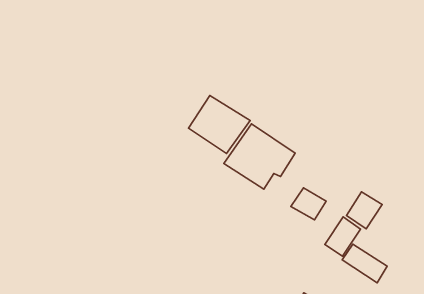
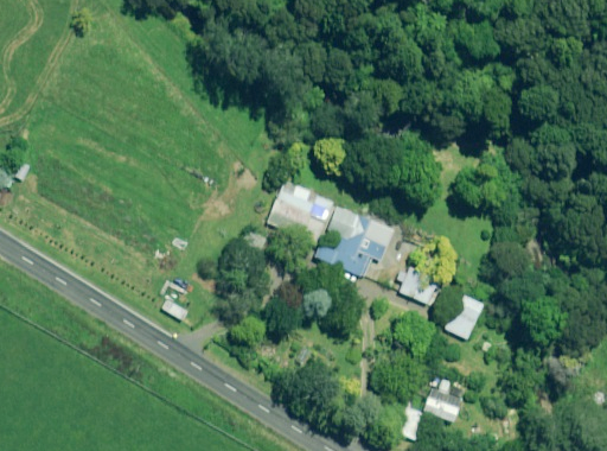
building: [346,192,382,229] -> none
building: [342,244,387,283] -> none

